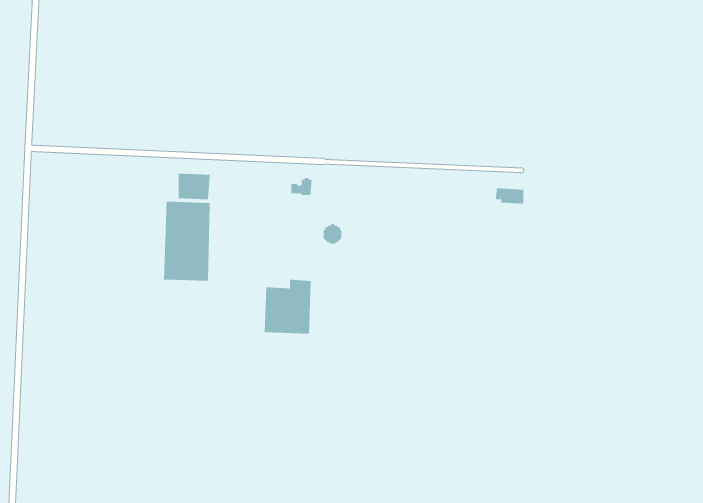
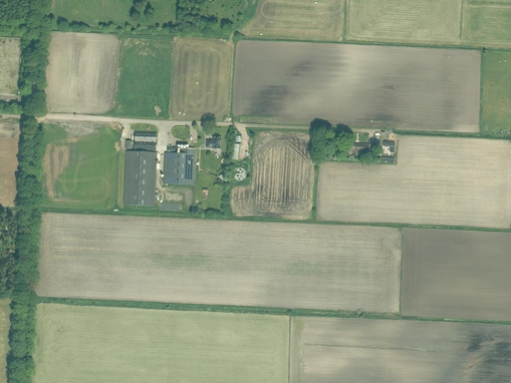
building: [264,279,311,334] -> [163,147,195,184]

